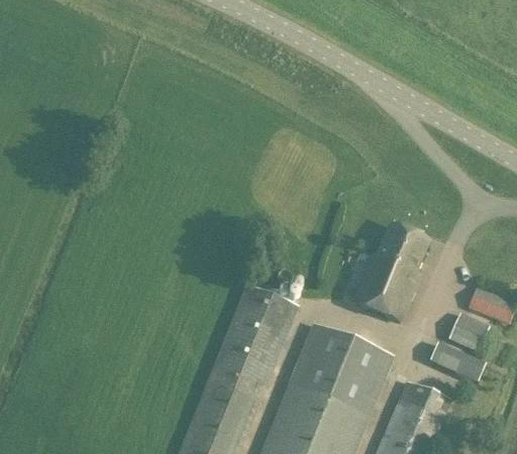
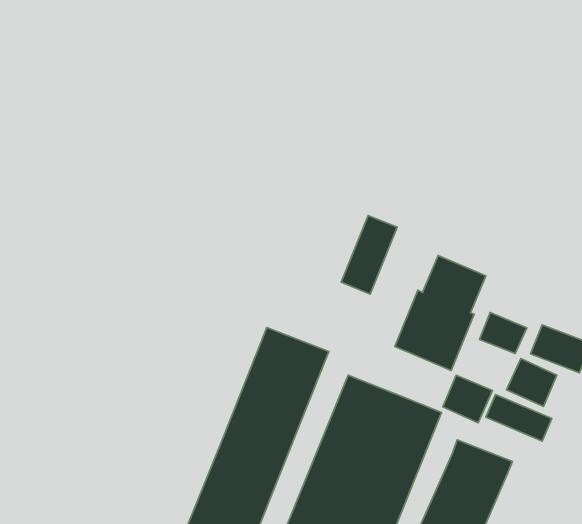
building: none -> [341,215,397,294]
building: none -> [479,313,527,354]
building: none -> [443,375,492,423]

